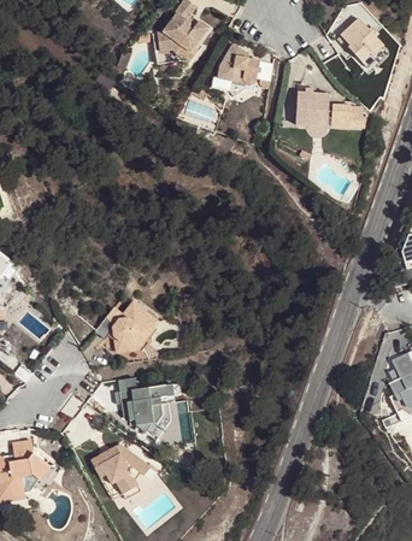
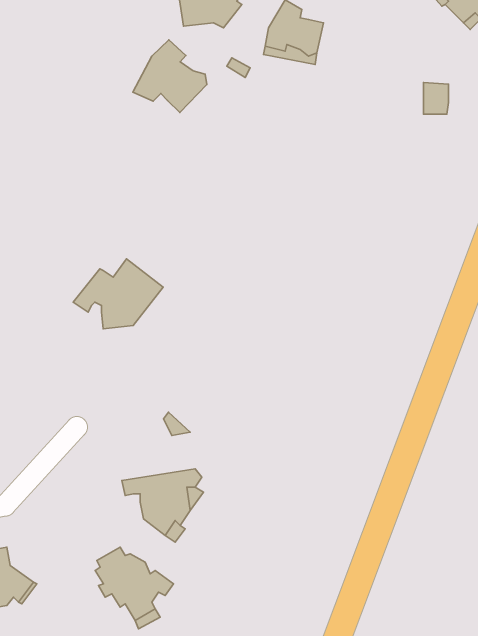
building: none -> [133,40,207,112]
building: [296,92,330,125] -> none
building: [95,300,160,351] -> [73,259,163,329]

